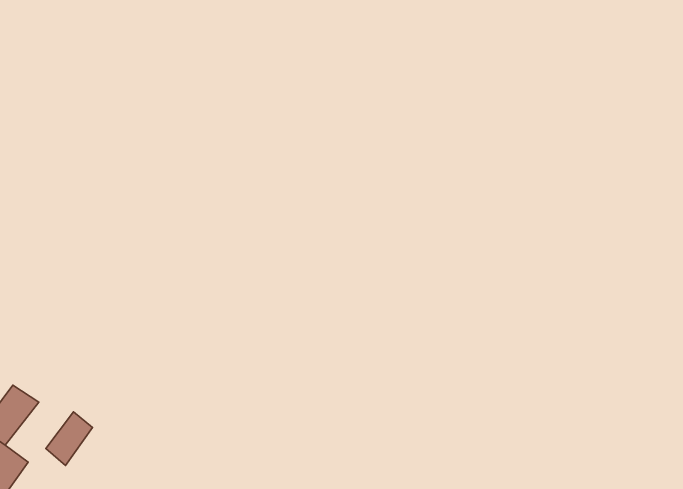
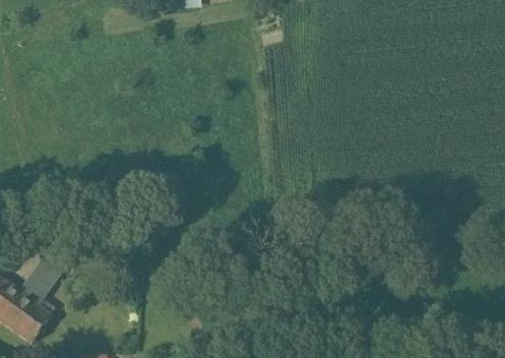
building: [46,412,93,465] -> none

